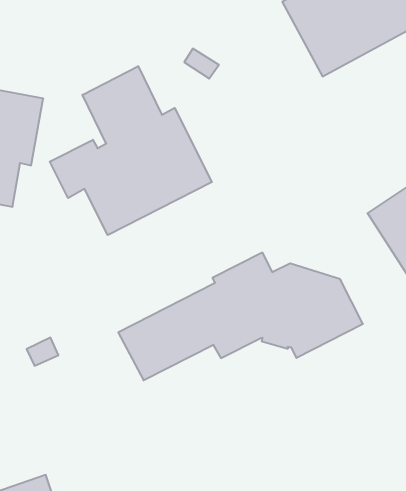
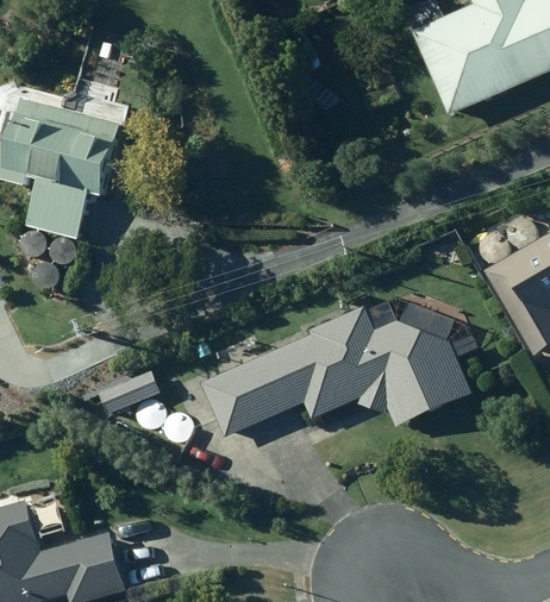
building: [50,66,212,235] -> none

